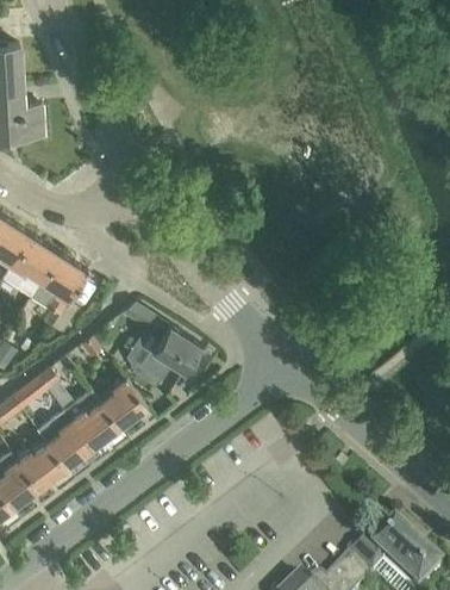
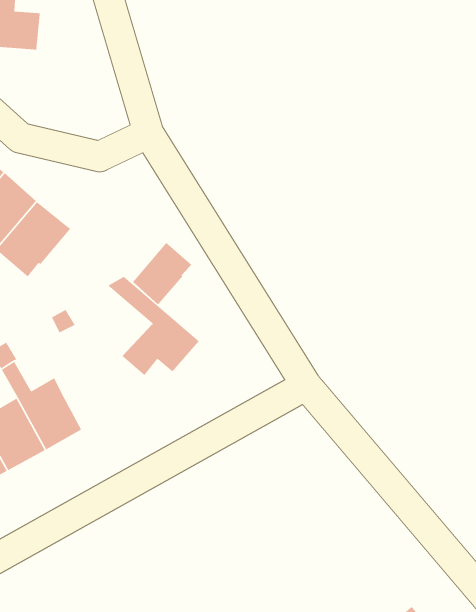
building: none -> [132,242,192,306]
building: [99,378,148,429] -> none

